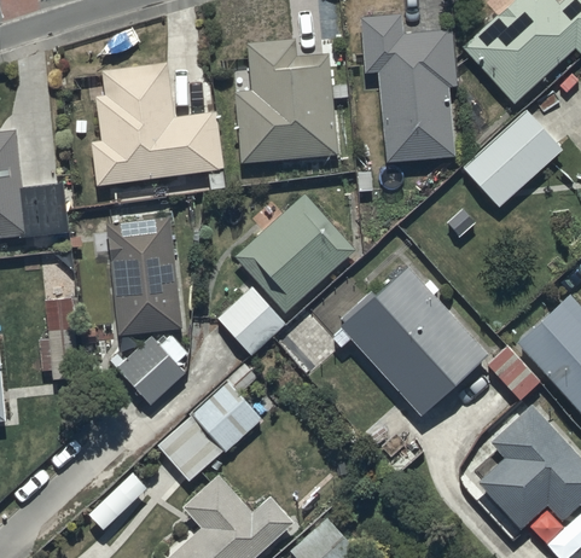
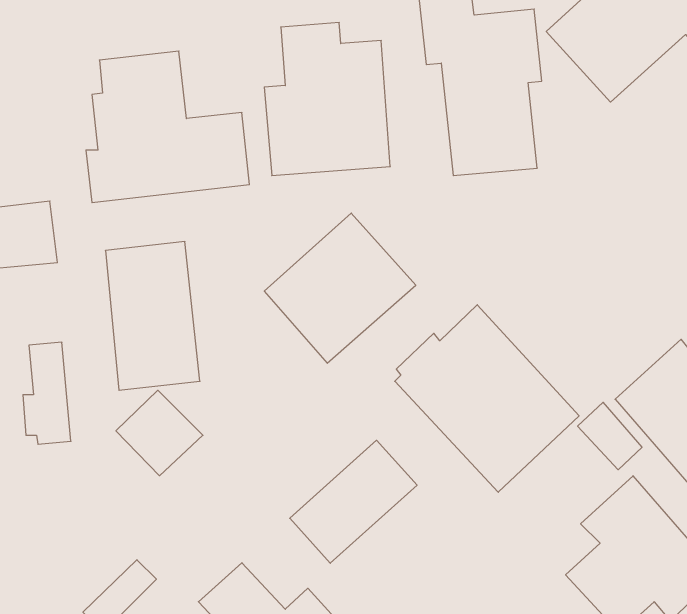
building: [461,109,562,208] -> none
building: [216,286,285,355] -> none
building: [157,383,260,482] -> [290,440,417,563]

